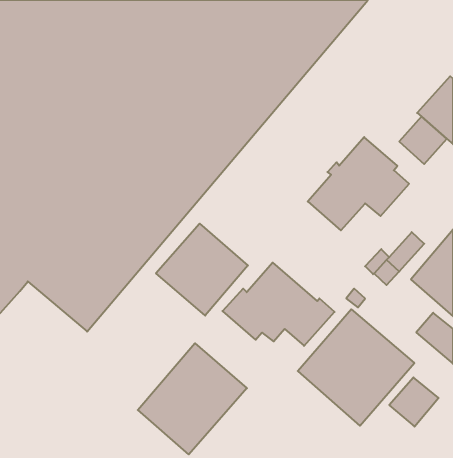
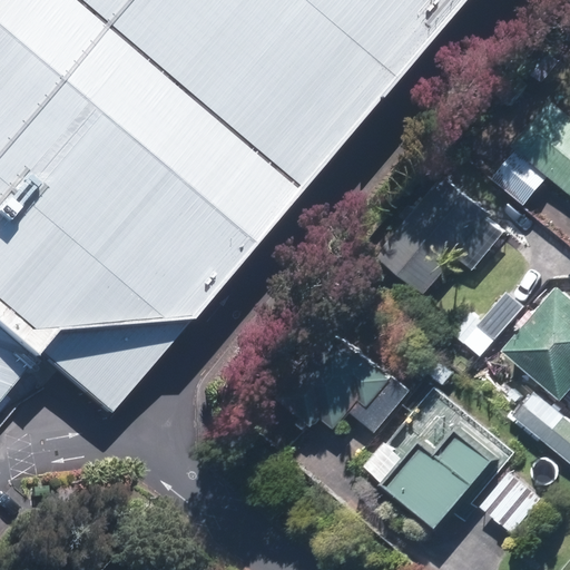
building: [156,224,248,316] -> none
building: [138,343,247,454] -> none

